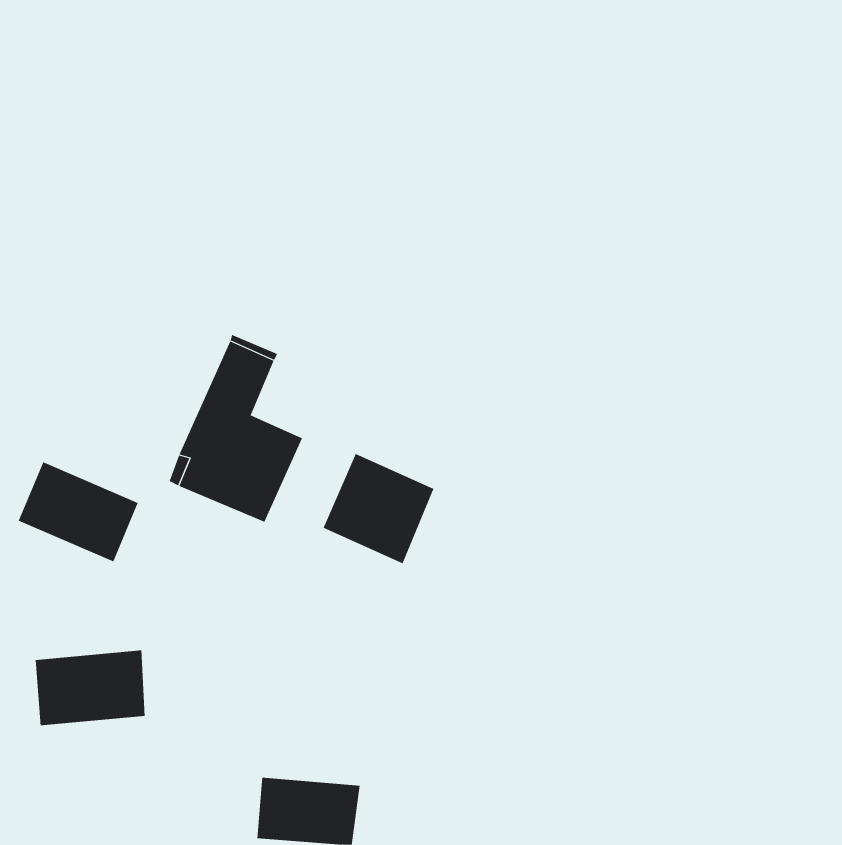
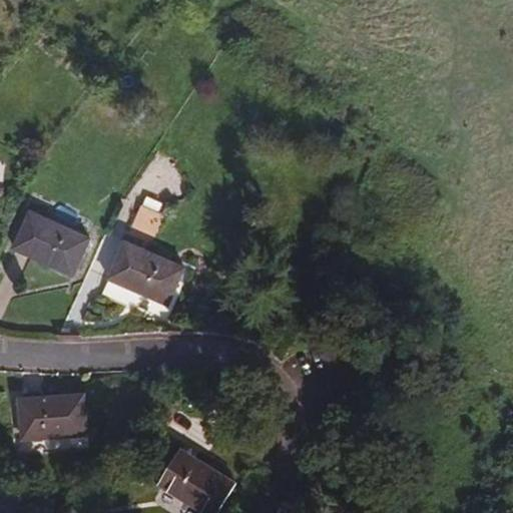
building: [323,453,434,564] -> none
building: [18,461,139,562] -> [15,210,88,272]

